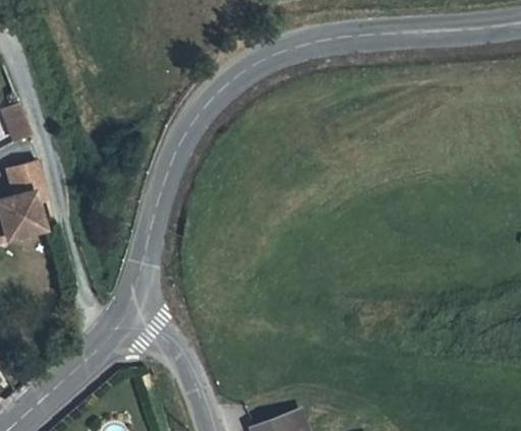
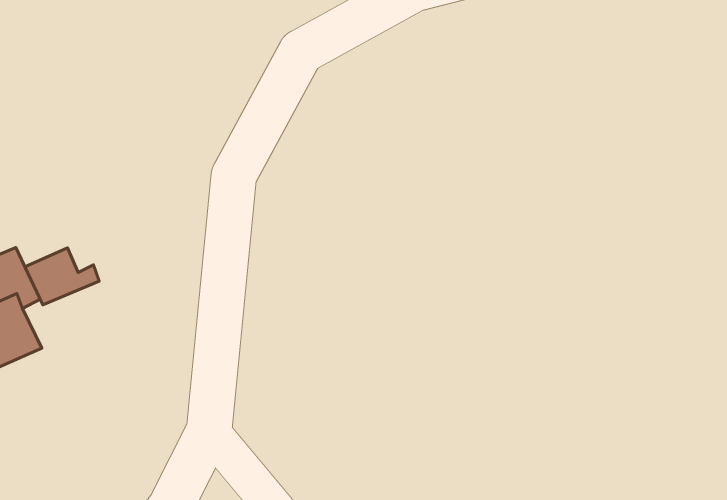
building: none -> [25,248,99,305]

